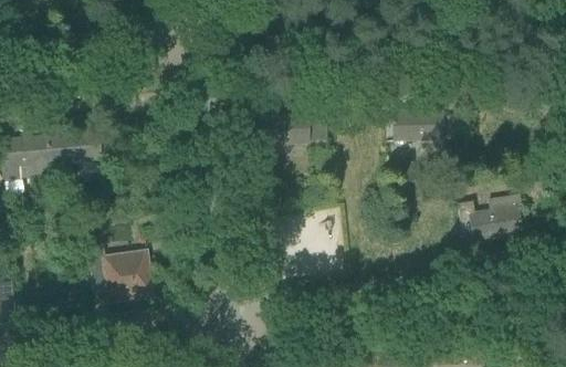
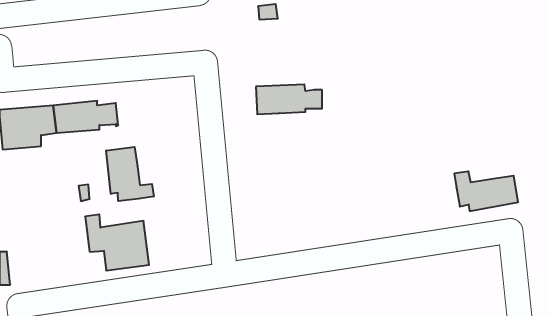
building: [395,112,462,140] -> none
building: none -> [106,147,154,201]

